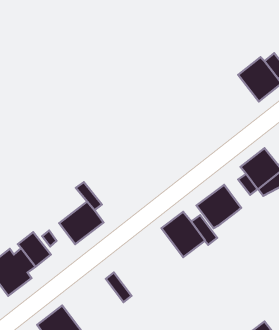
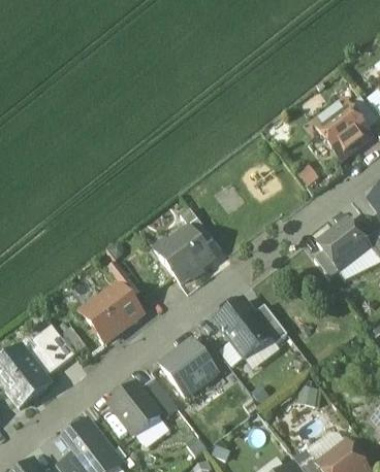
building: none -> [153,226,212,281]
building: [196,185,241,228] -> none
building: none -> [160,338,217,396]
building: none -> [108,381,160,434]

